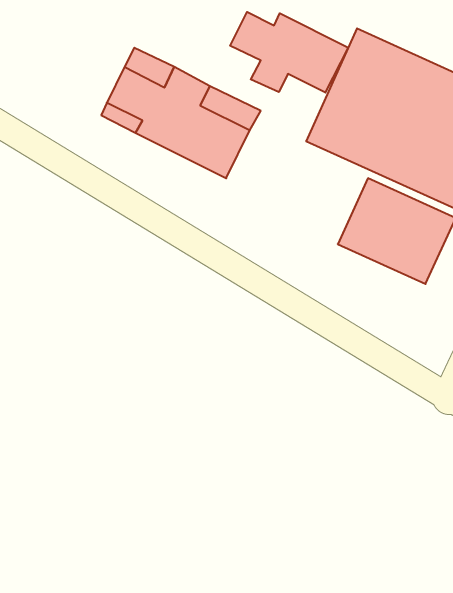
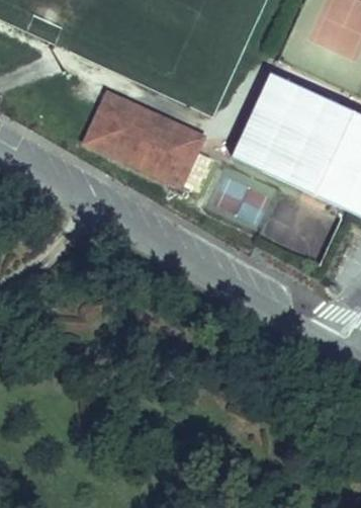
building: [230,12,348,93] -> none

